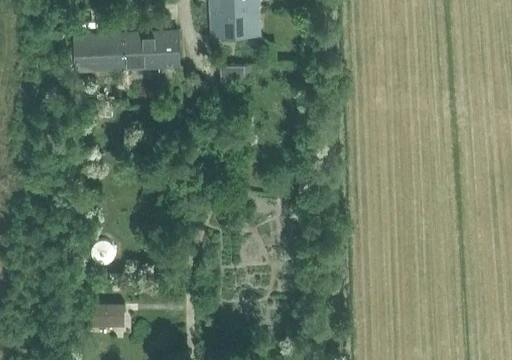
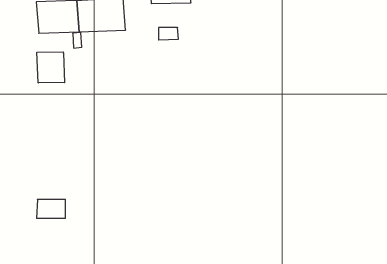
building: none -> [37,52,65,83]
building: [88,305,123,328] -> [37,199,65,218]

